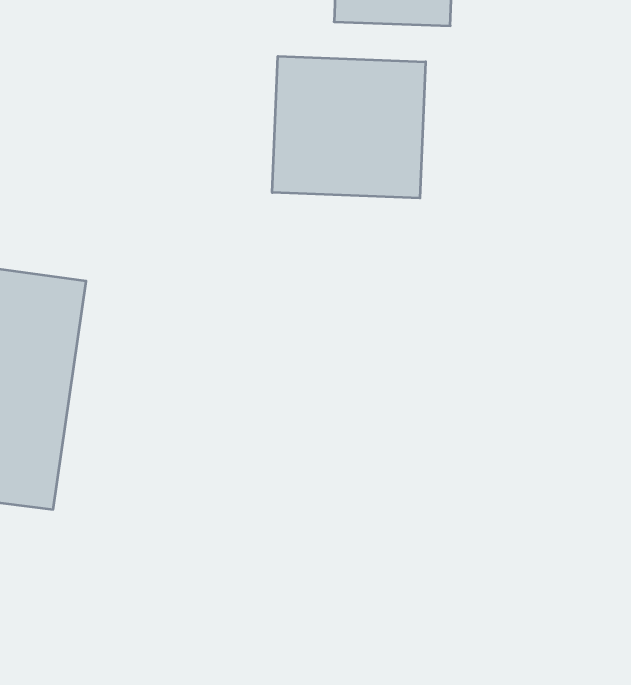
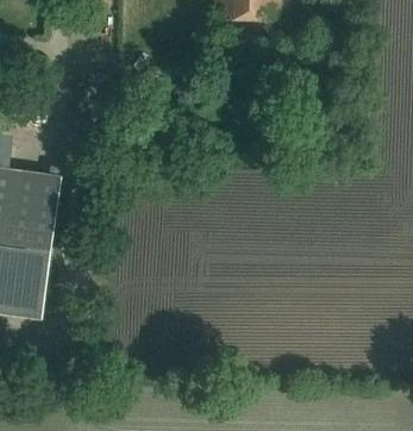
building: [272,56,426,198] -> none

